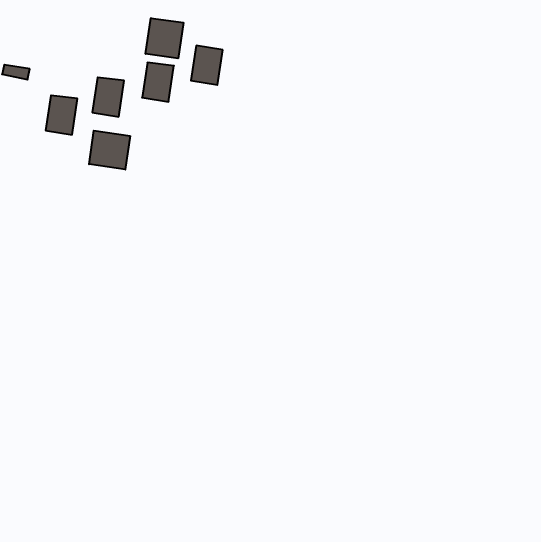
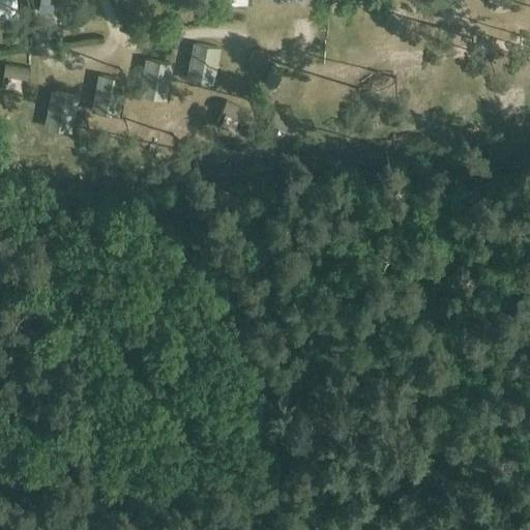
building: [146,18,183,58] -> none
building: [89,131,130,170] -> none

